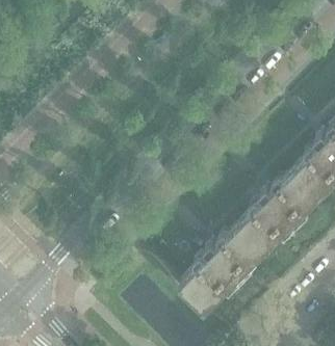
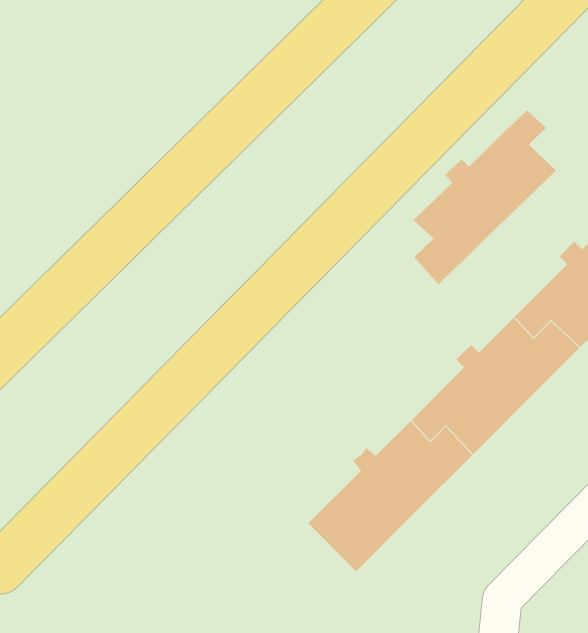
building: none -> [413,109,557,285]

